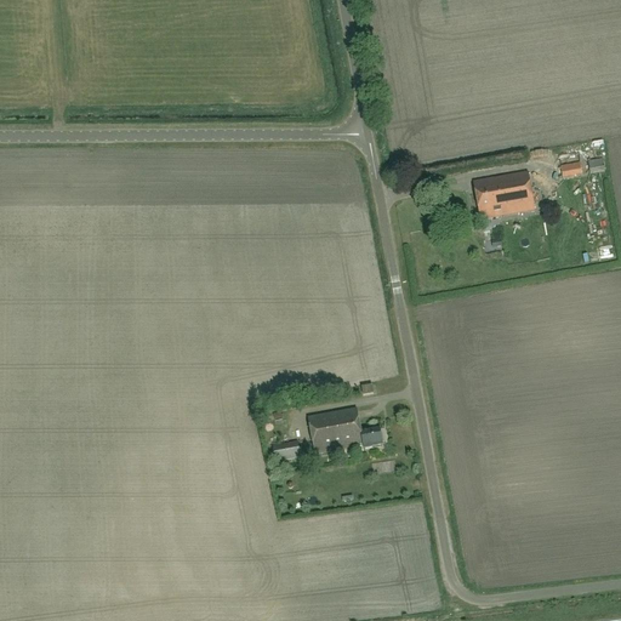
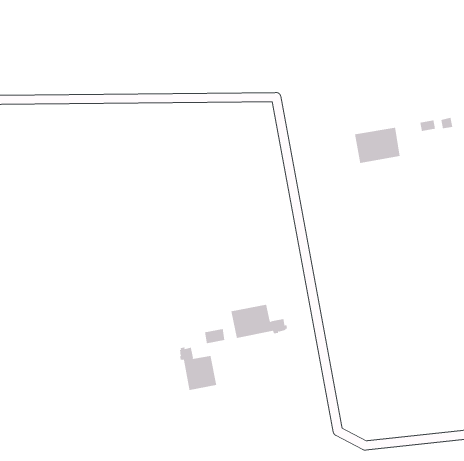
building: none -> [179,347,217,391]

